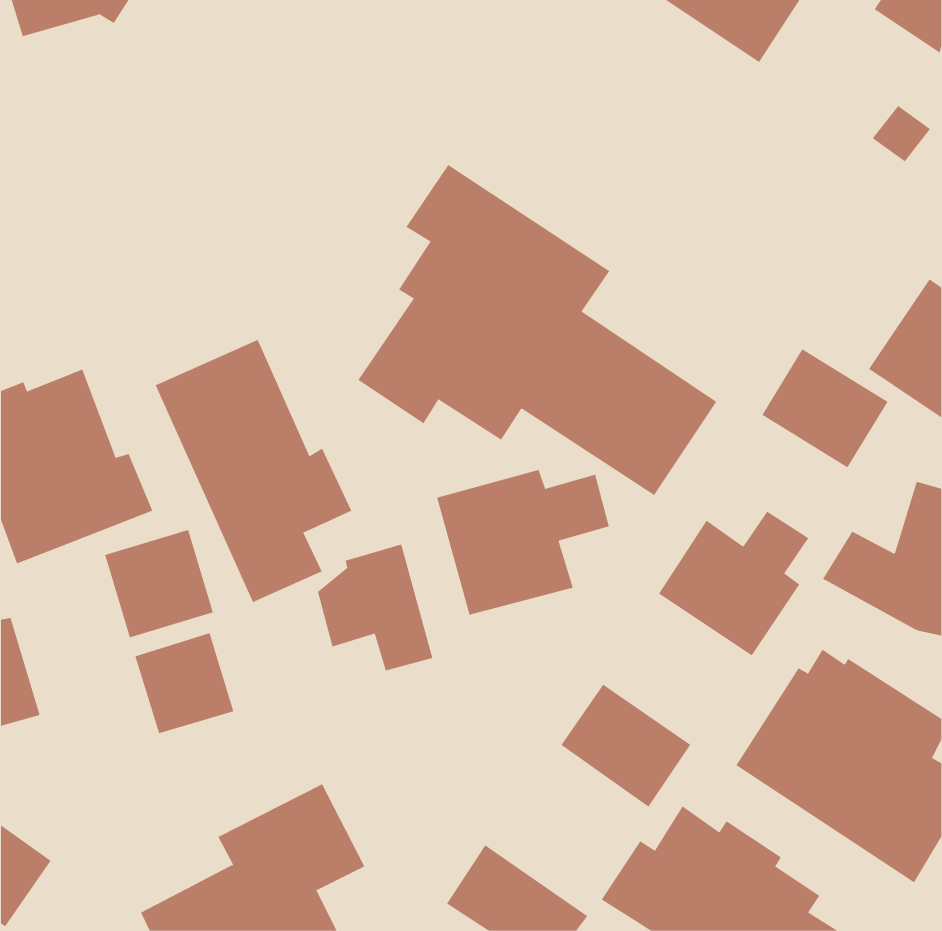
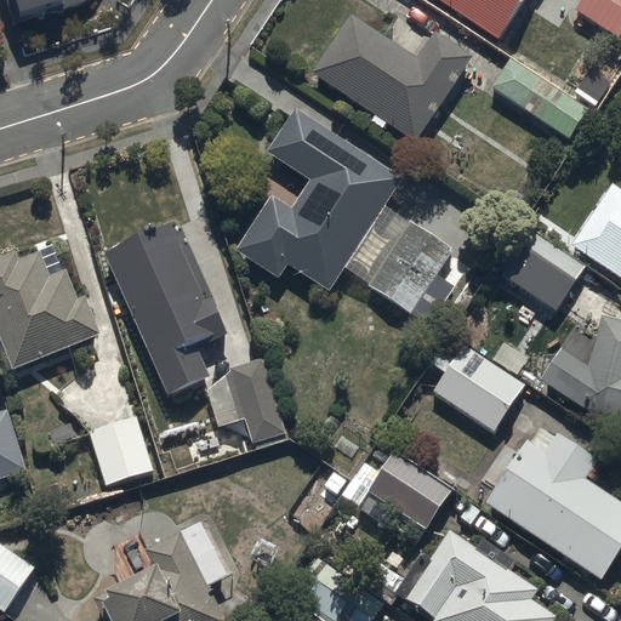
building: none -> [312,12,475,143]
building: none -> [491,57,589,139]
building: [437,469,609,616] -> none
building: [105,529,213,638] -> none

